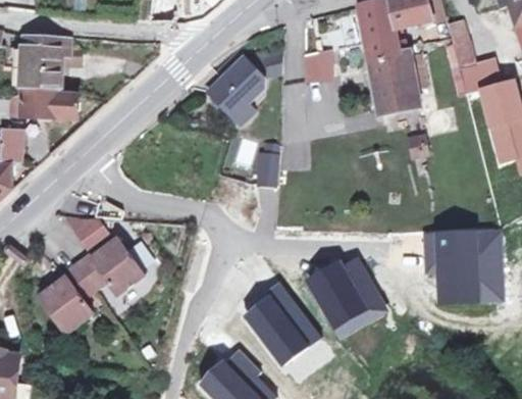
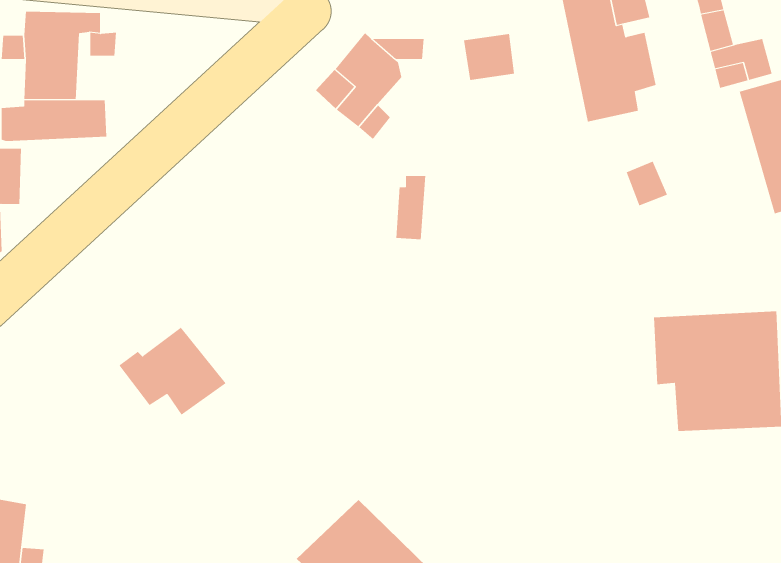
building: [68,209,110,251] -> none
building: [305,257,392,342] -> none
building: [43,262,103,332] -> none
building: [242,284,321,366] -> none

